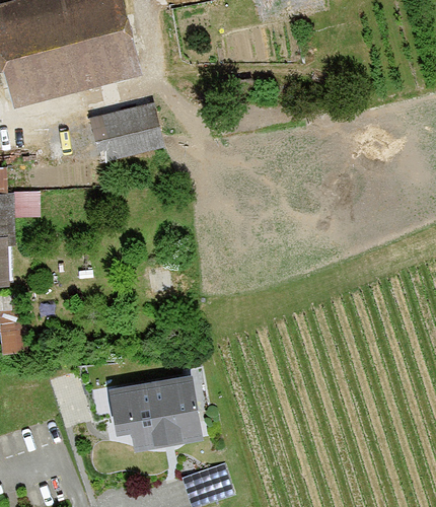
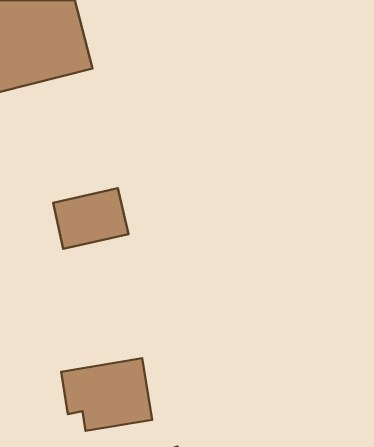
building: [90,103,168,166] -> [53,188,129,249]

